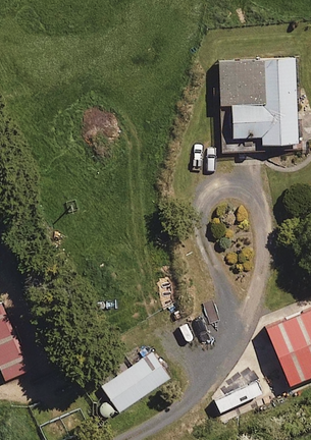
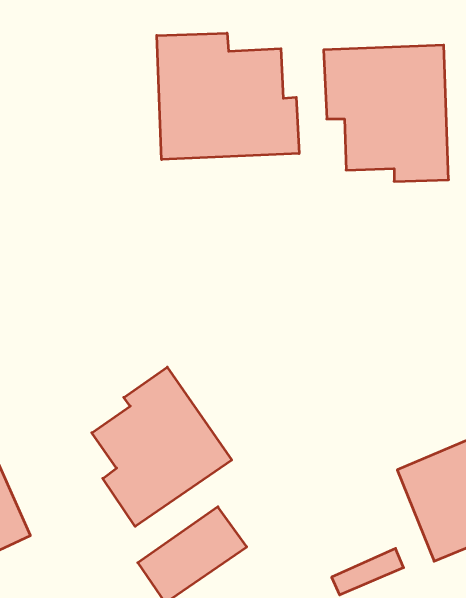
building: none -> [157,33,299,160]
building: none -> [92,367,232,526]

